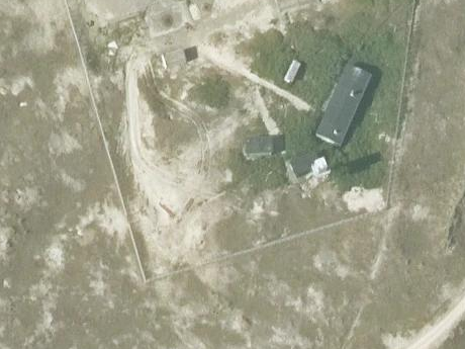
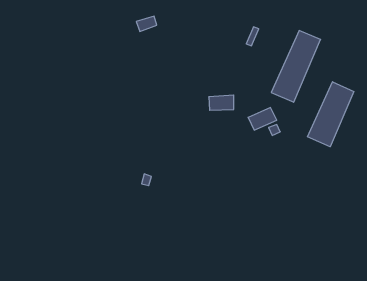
building: none -> [308,82,354,147]

